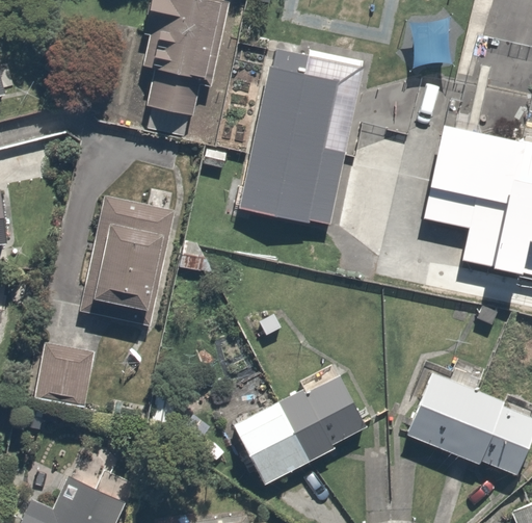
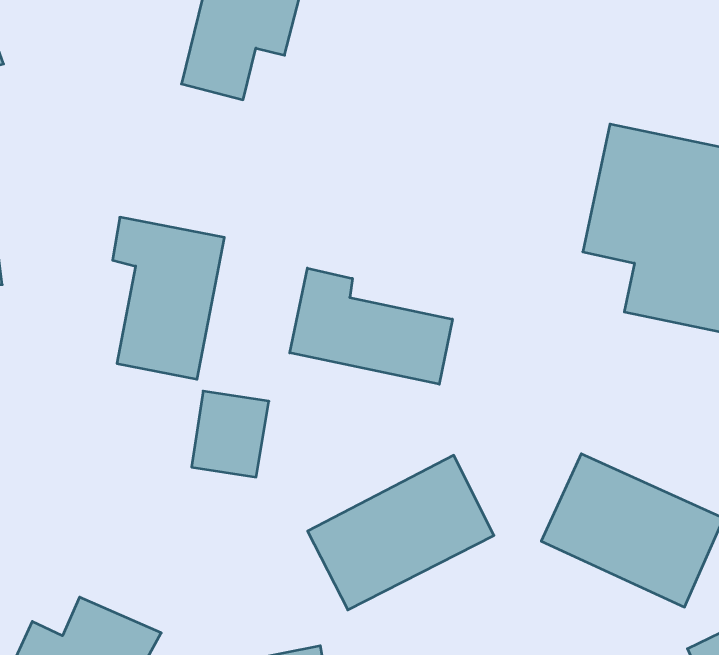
building: [238,53,367,232] -> none
building: none -> [290,268,452,384]
building: [37,339,94,401] -> [192,391,269,477]

